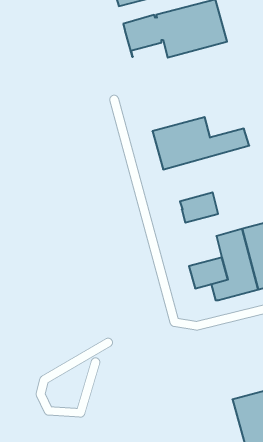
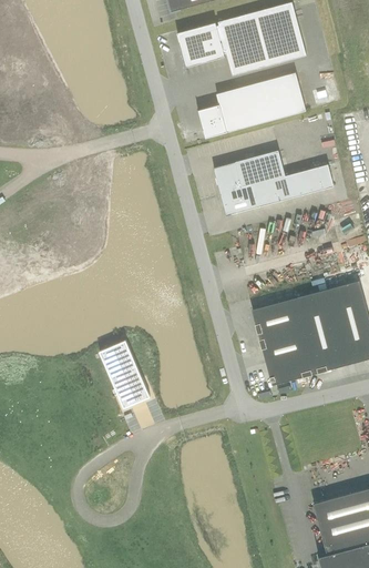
building: none -> [197,72,307,138]
building: [180,192,218,223] -> [253,298,300,336]
building: none -> [101,339,153,408]
building: none -> [267,358,293,384]

